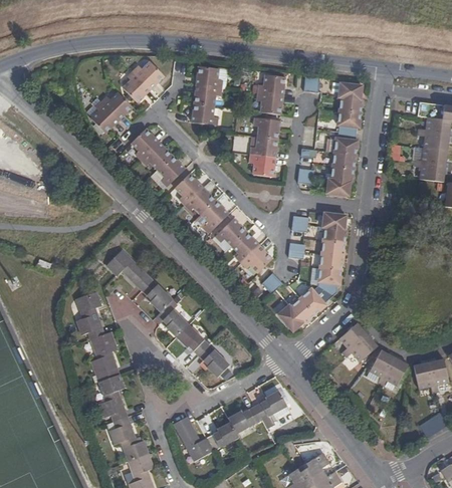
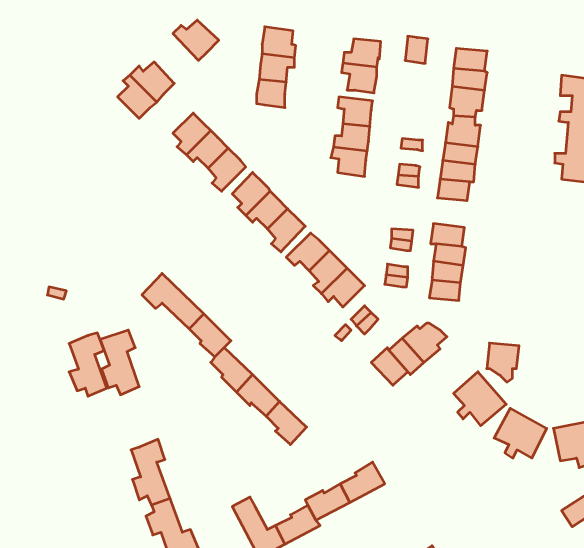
building: [121,70,149,102] -> none
building: [318,267,343,296] -> [487,343,519,382]
building: [90,331,119,379] -> [69,333,107,396]

